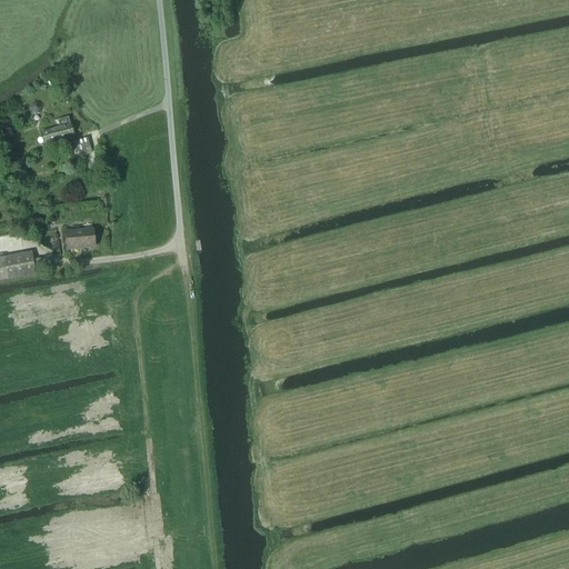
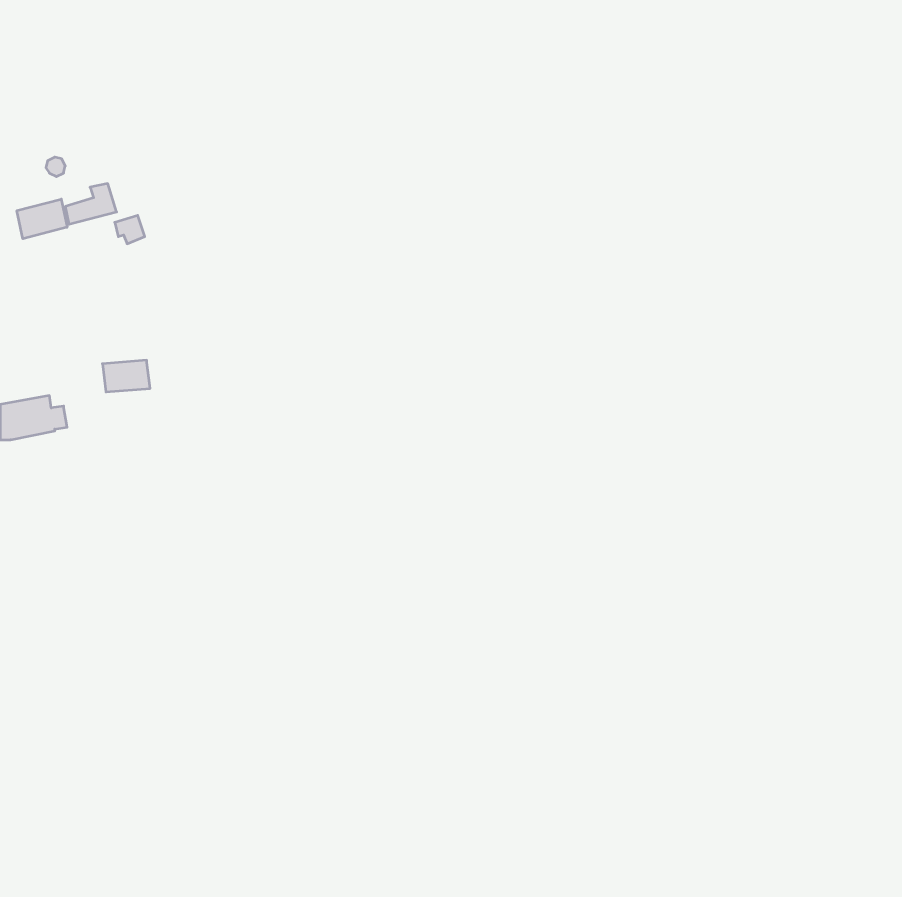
building: none -> [17,199,67,239]

